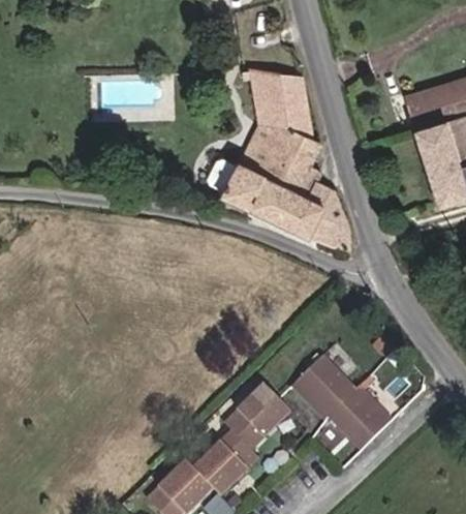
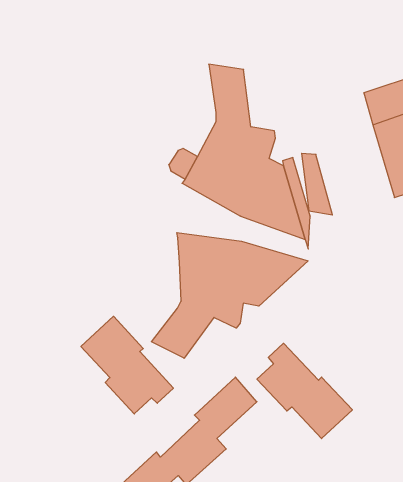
building: [282,74,313,137] -> [302,153,332,215]
building: none -> [151,233,308,358]
building: none -> [81,316,173,414]

